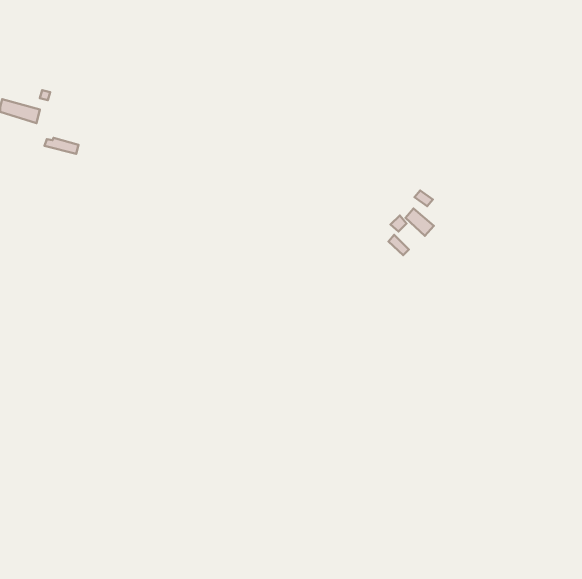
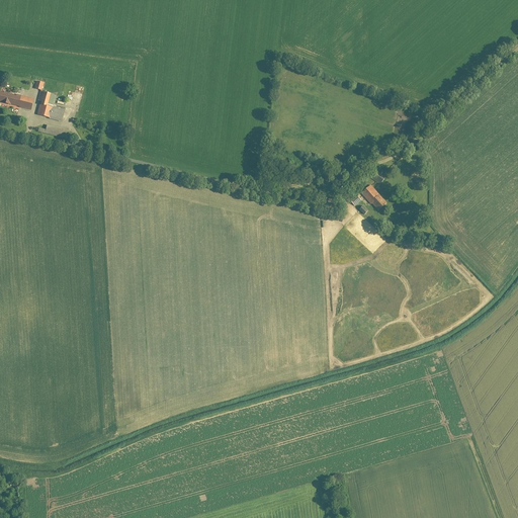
building: none -> [38,91,66,120]

